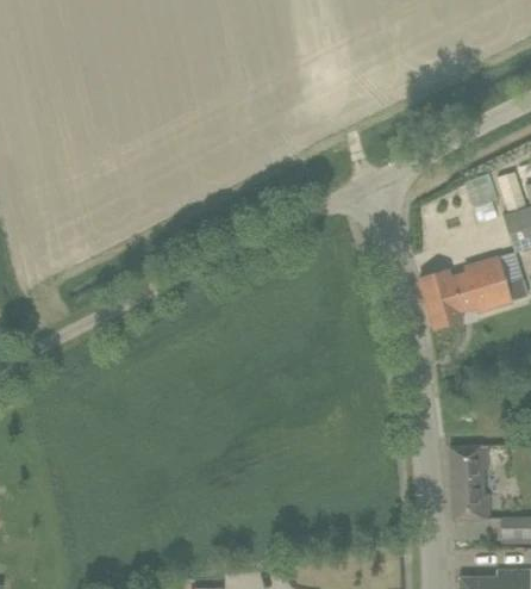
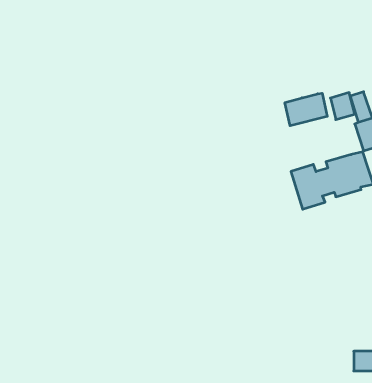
building: none -> [285,93,327,126]
building: [451,446,489,519] -> none

